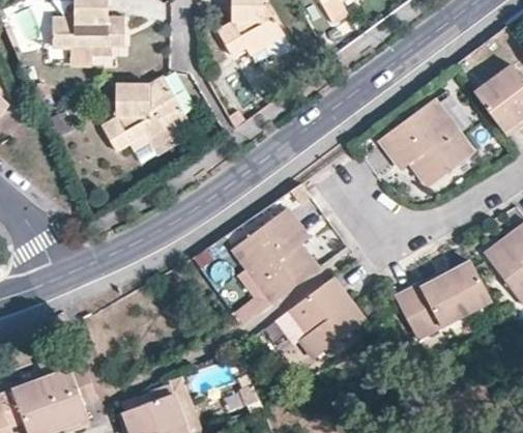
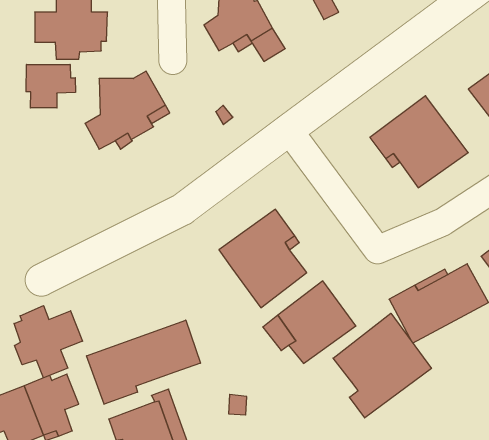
building: none -> [26,64,75,108]
building: [233,265,271,324] -> none
building: none -> [14,306,83,378]
building: none -> [333,313,431,418]
building: none -> [87,320,200,404]

